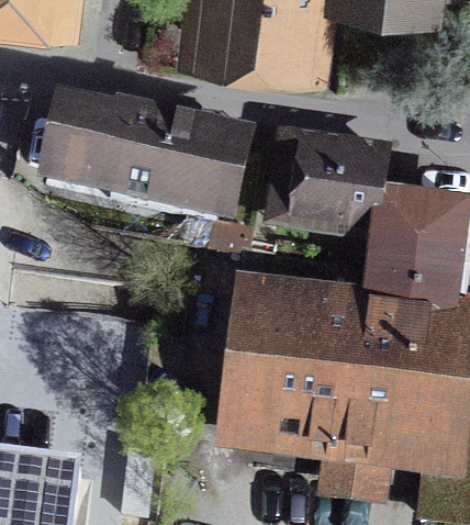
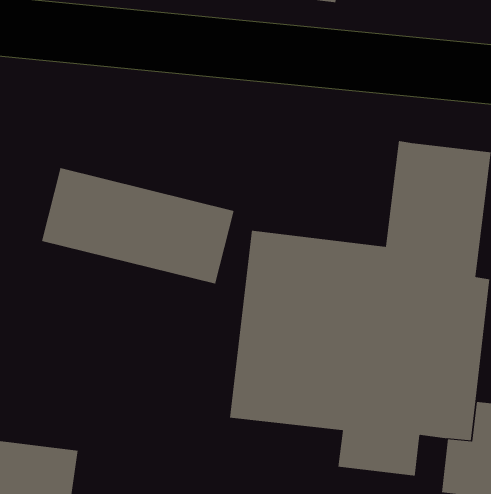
building: [53,113,235,223] -> [41,168,235,284]
building: [266,120,399,238] -> none

